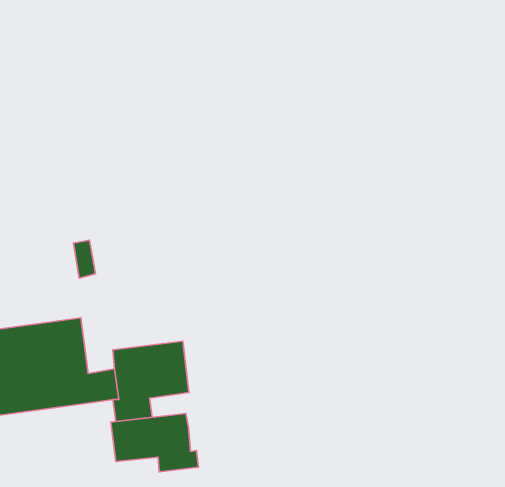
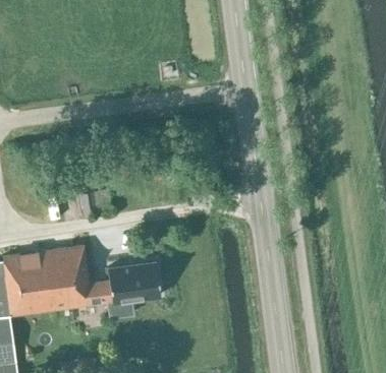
building: [111,413,198,472] -> none

